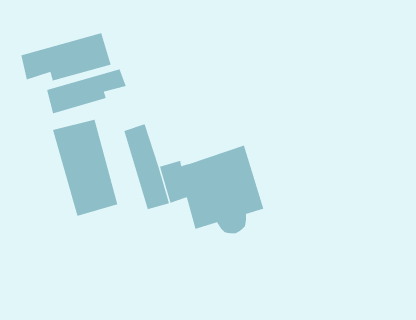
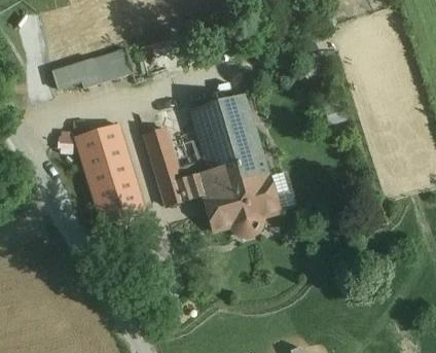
building: [46,69,127,114] -> none
building: none -> [190,97,260,168]

